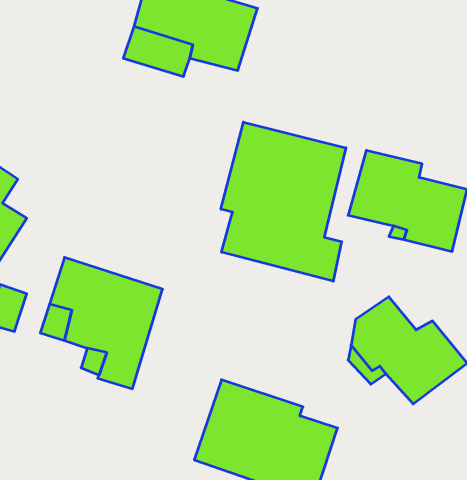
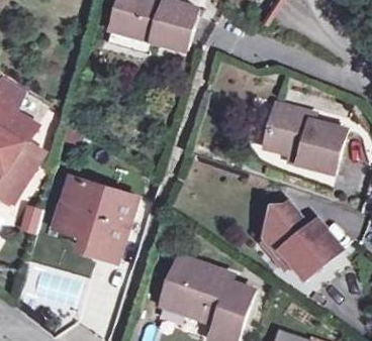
building: [221,122,346,281] -> none

